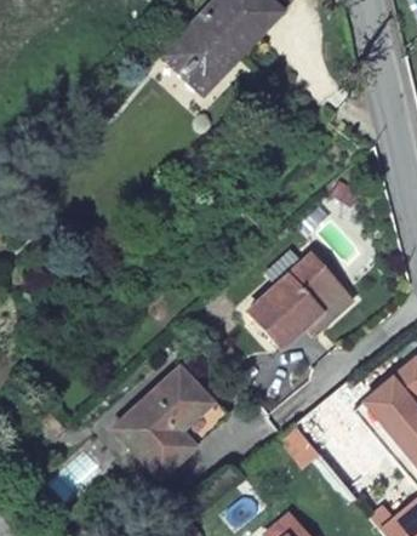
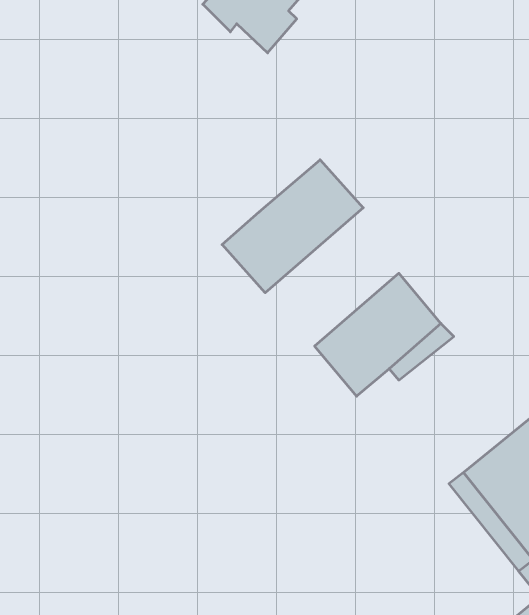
building: none -> [222,160,363,293]
building: [118,364,233,474] -> none

